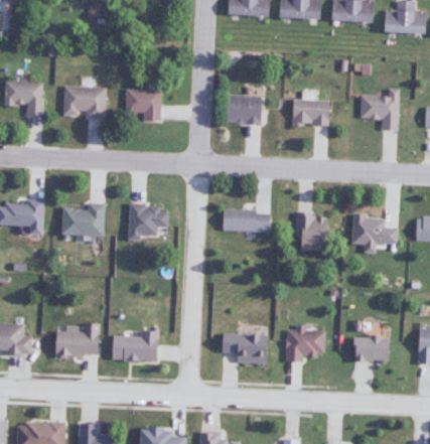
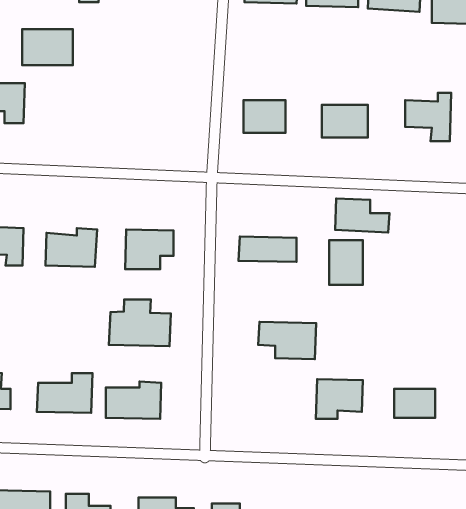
building: [63,88,106,118] -> [22,29,73,65]
building: [126,91,160,122] -> none
building: [352,215,398,244] -> [335,199,389,232]
building: none -> [109,299,171,346]
building: [220,333,268,364] -> [258,322,316,359]

